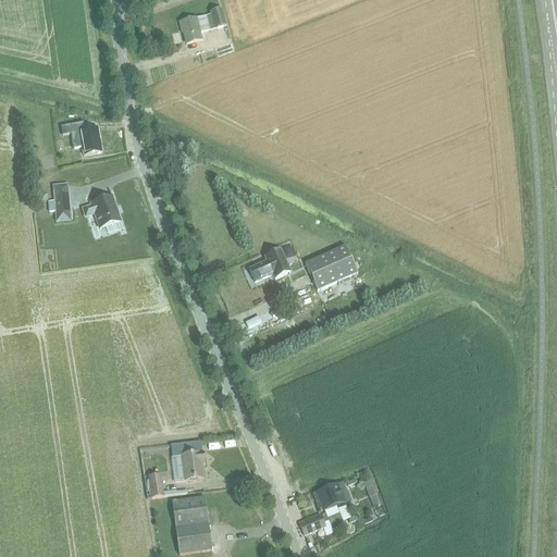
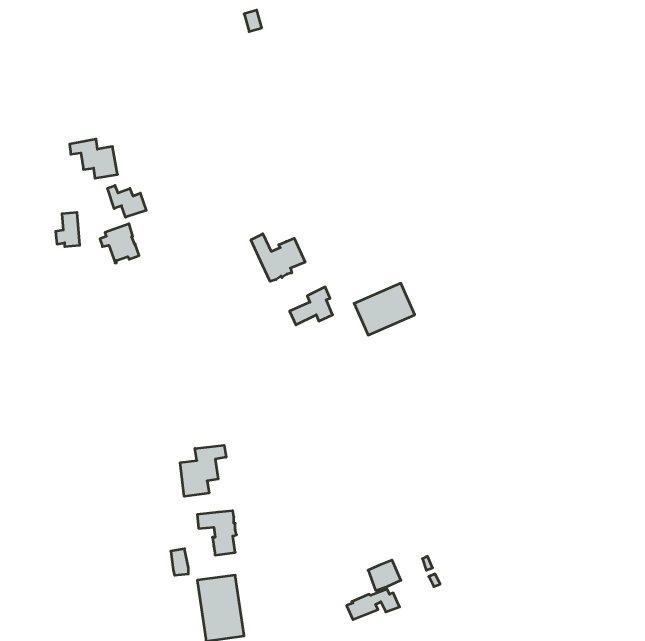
building: [177,14,209,41] -> none
building: none -> [108,185,146,217]
building: none -> [251,234,305,281]
building: none -> [180,445,226,496]

